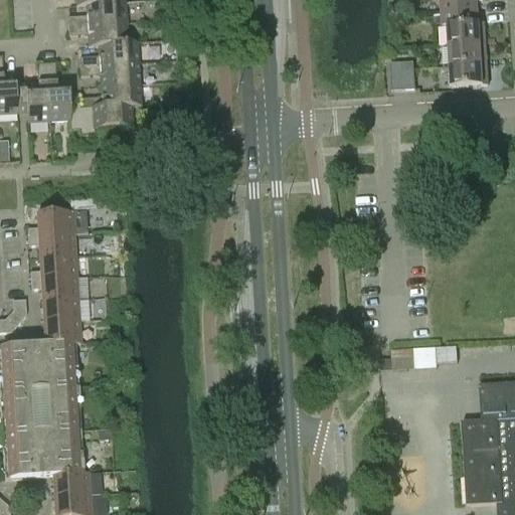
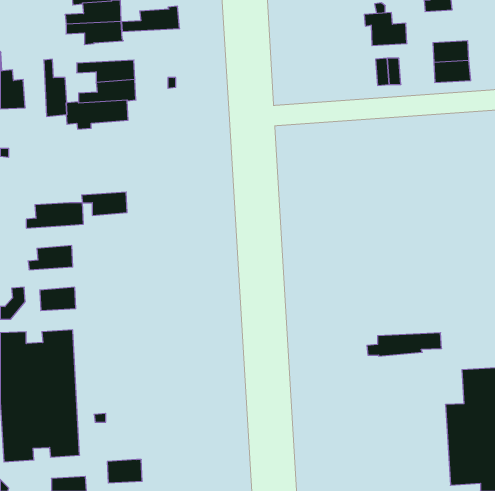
building: [442,10,486,44] -> [364,13,407,46]
building: [79,39,140,65] -> [121,6,180,31]
building: [25,62,49,122] -> none
building: [28,233,75,258] -> [82,192,127,215]
building: [31,277,78,301] -> none
building: [43,320,80,344] -> none
building: [53,472,90,496] -> [107,460,142,483]

